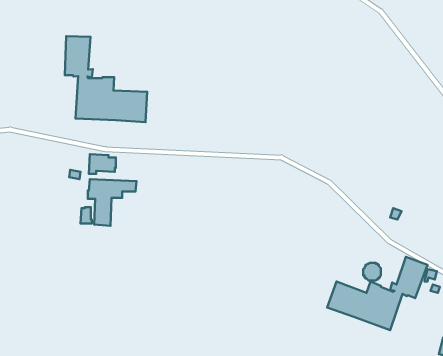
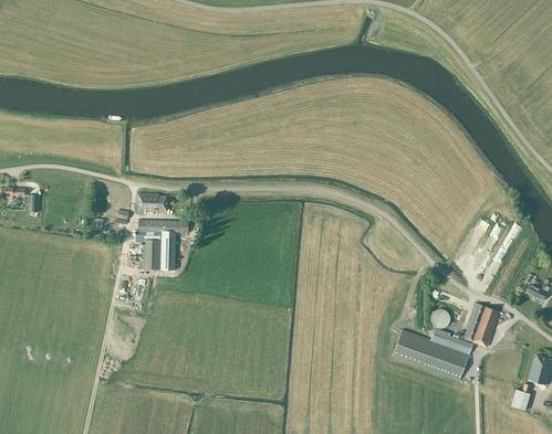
building: [65,36,147,122] -> none

